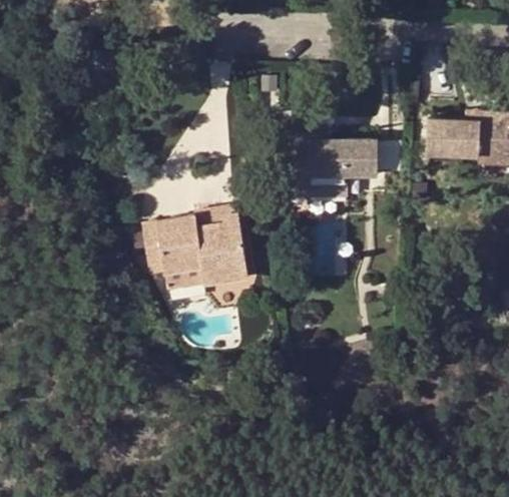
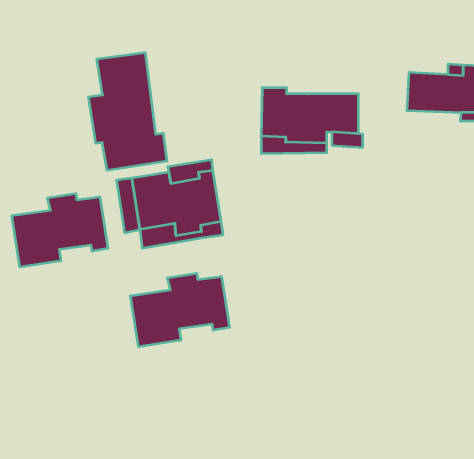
building: none -> [89,53,167,170]
building: none -> [12,194,108,267]
building: none -> [130,273,230,347]

